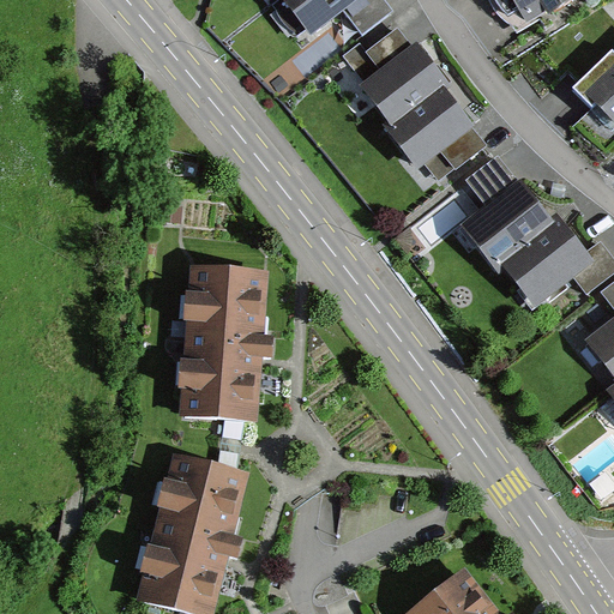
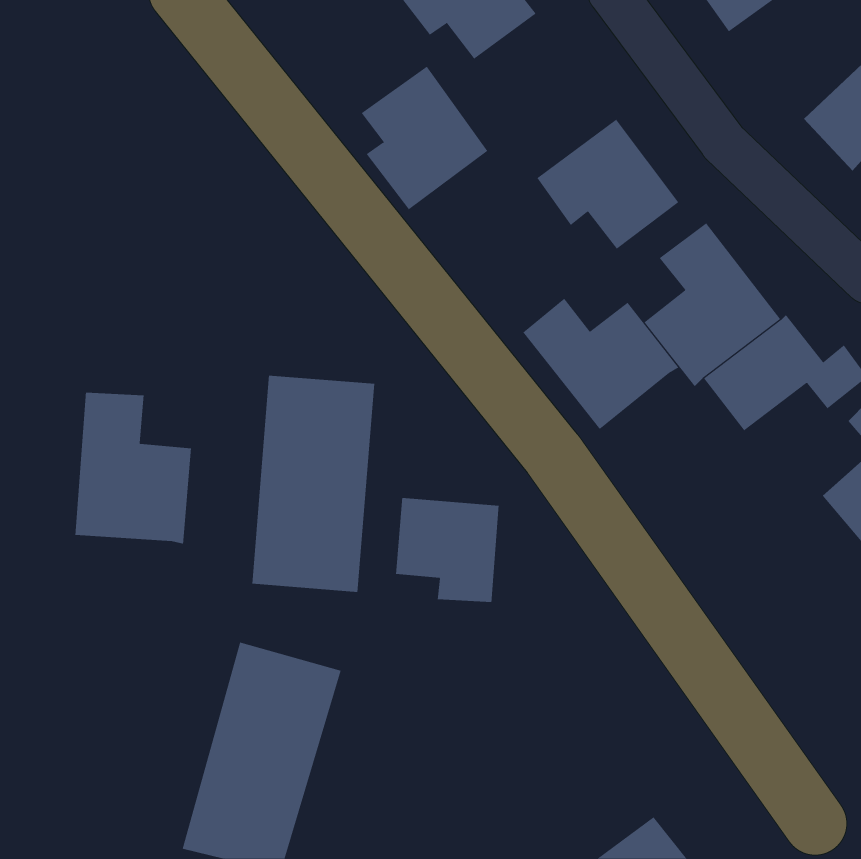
building: [350,24,440,126] -> [361,66,488,210]
building: none -> [522,298,679,430]
building: none -> [75,392,192,544]
building: none -> [395,497,499,603]

